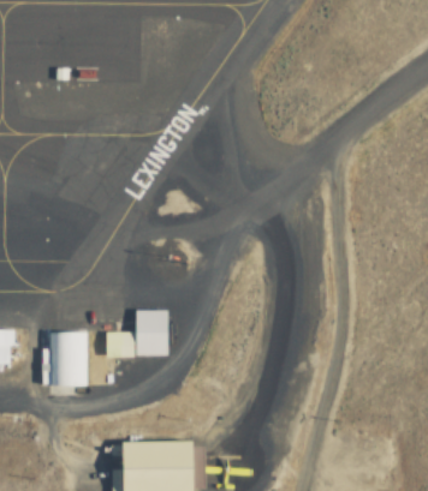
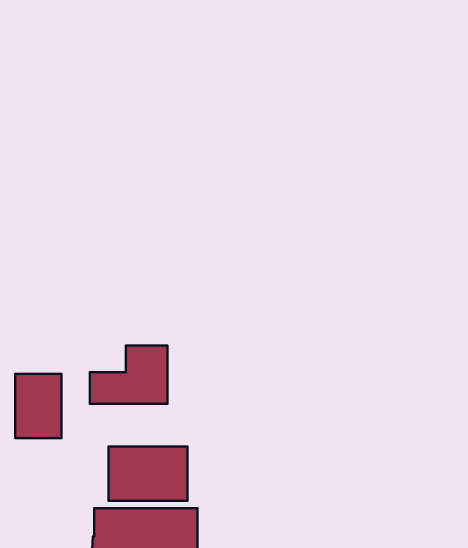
building: none -> [109,446,187,501]

